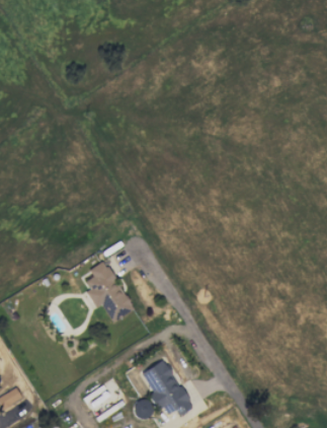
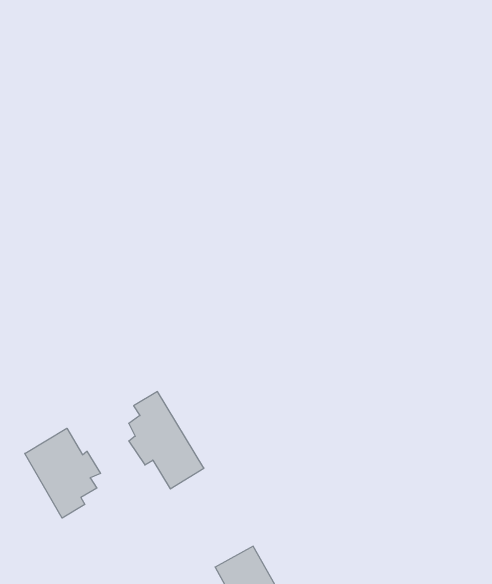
building: none -> [25,428,101,518]

